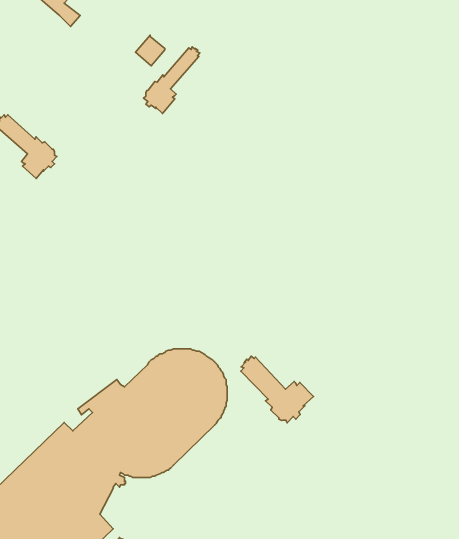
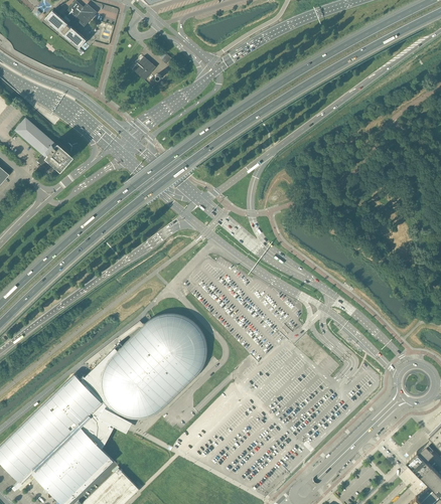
building: [144,47,200,113] -> none
building: [241,356,313,423] -> none

